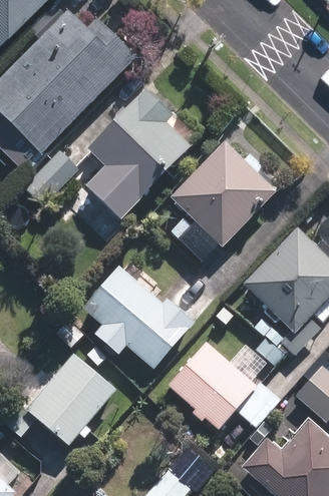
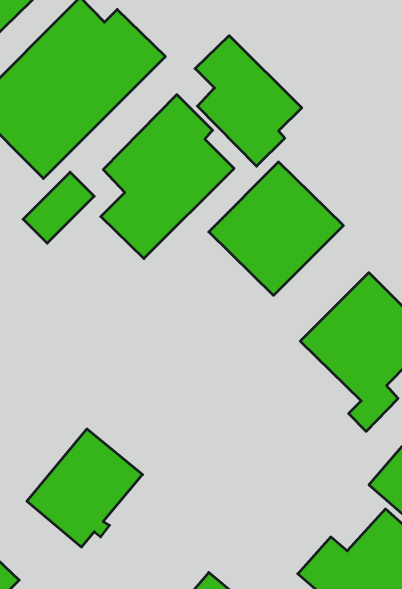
building: none -> [195,36,302,166]
building: [81,267,212,370] -> none
building: [166,342,279,429] -> none

